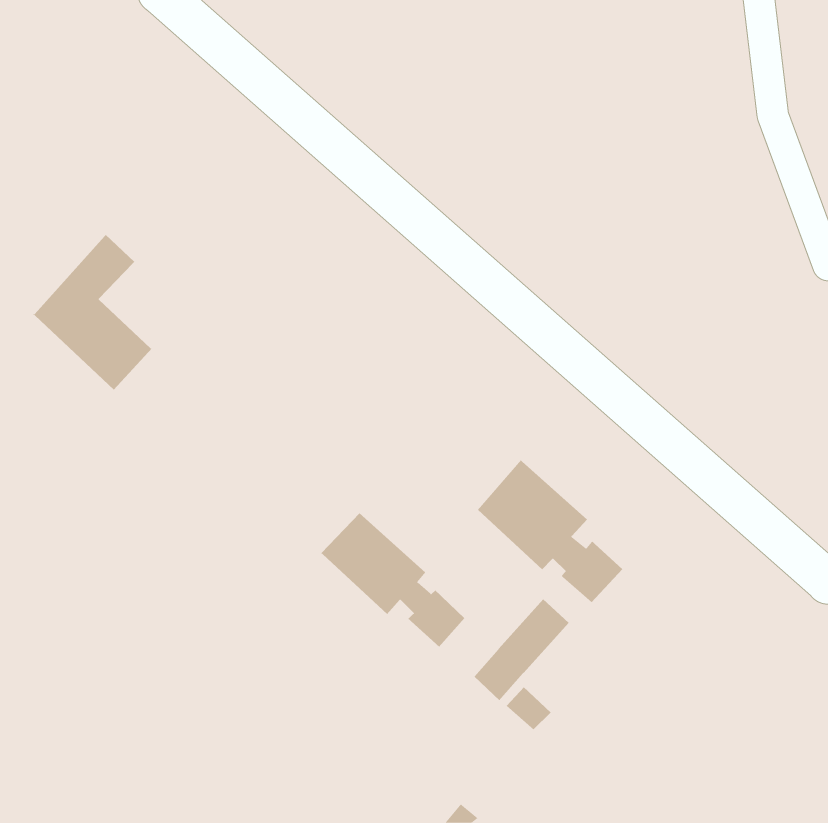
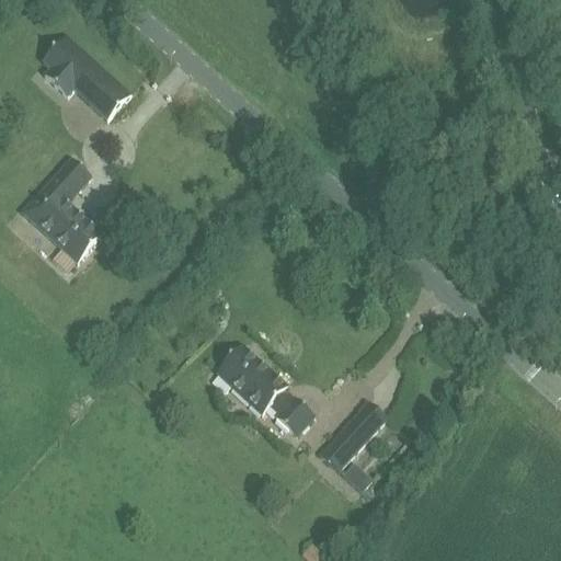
building: none -> [42,34,130,121]
building: [477,460,623,603] -> none

